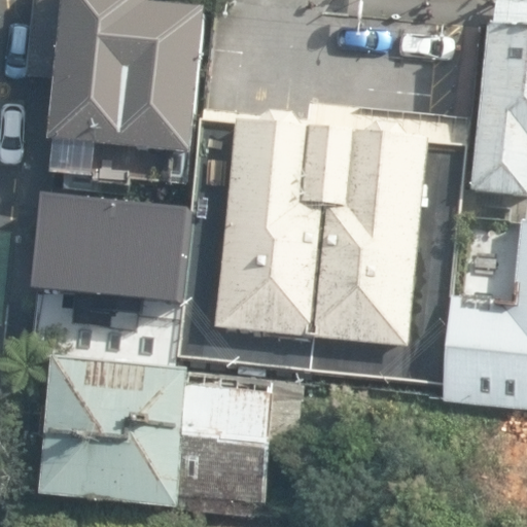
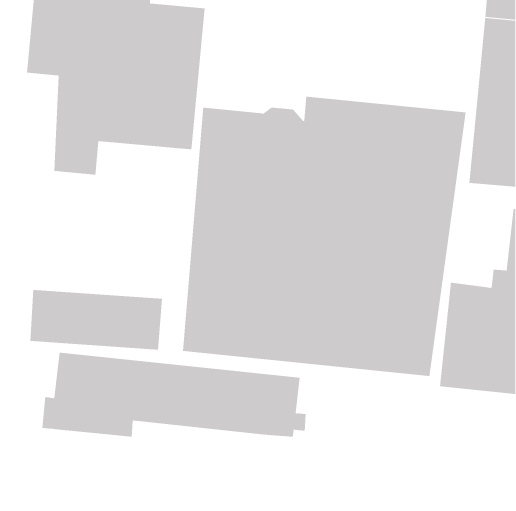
building: [29,195,177,298] -> none
building: [47,428,271,515] -> none

